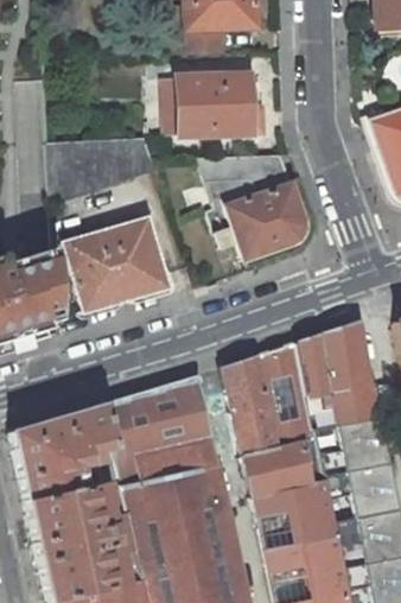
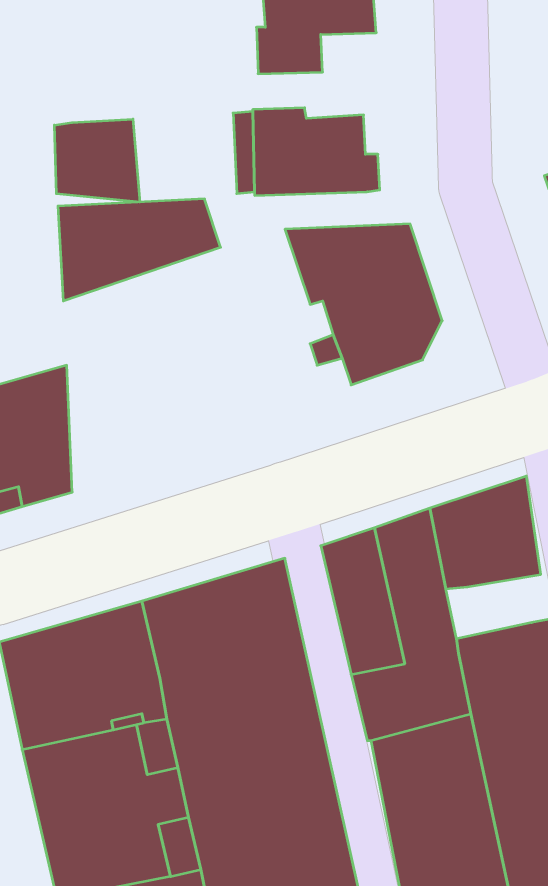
building: none -> [54,119,140,202]
building: [64,218,168,311] -> none
building: [306,395,363,430] -> none

